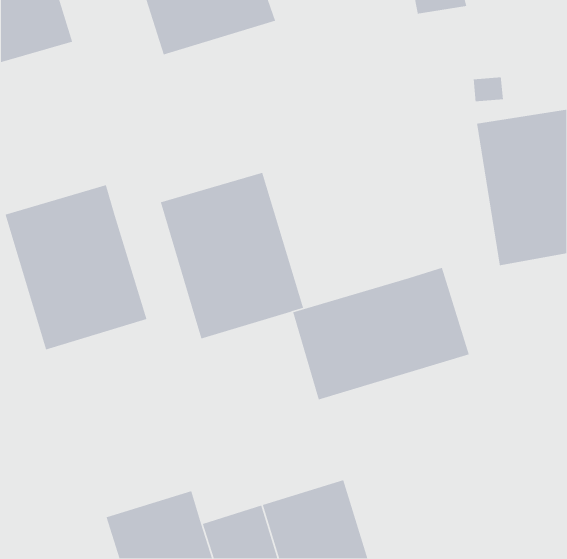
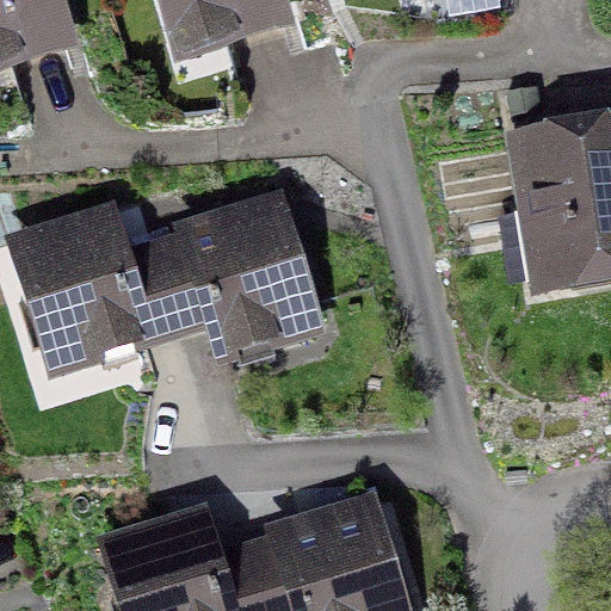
building: none -> [124,217,205,344]
building: [292,267,470,400] -> none

